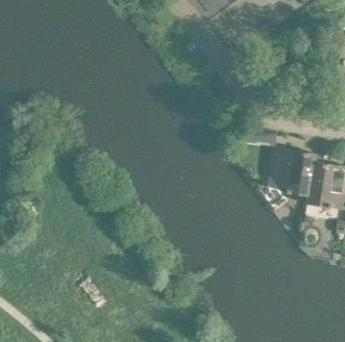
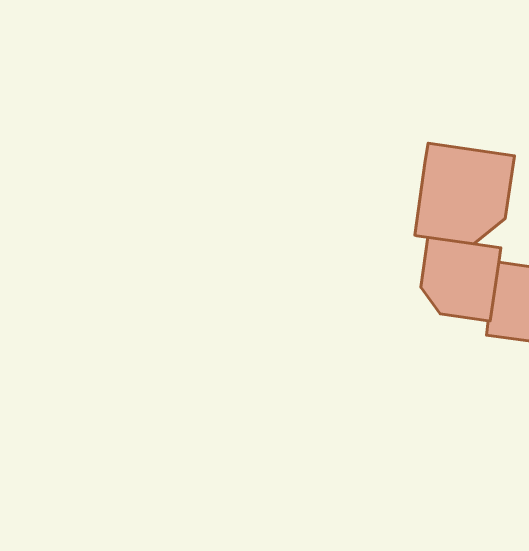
building: none -> [415,143,515,244]

